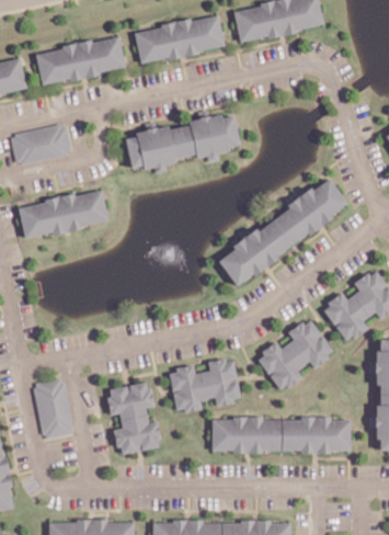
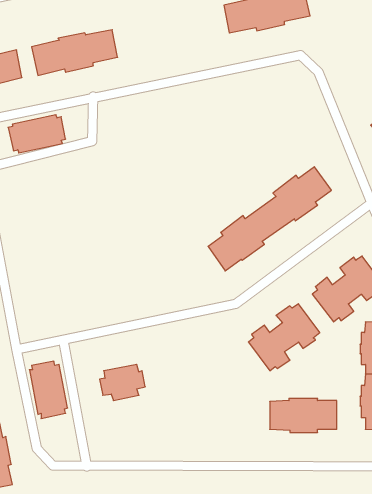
building: [135,16,224,62] -> none
building: [124,115,236,172] -> none
building: [18,191,106,238] -> none
building: [170,358,240,411] -> none
building: [112,414,159,453] -> none
building: [213,418,281,453] -> none

